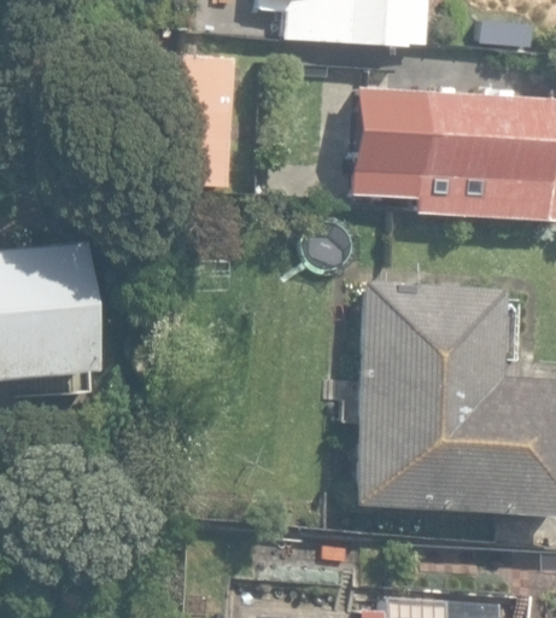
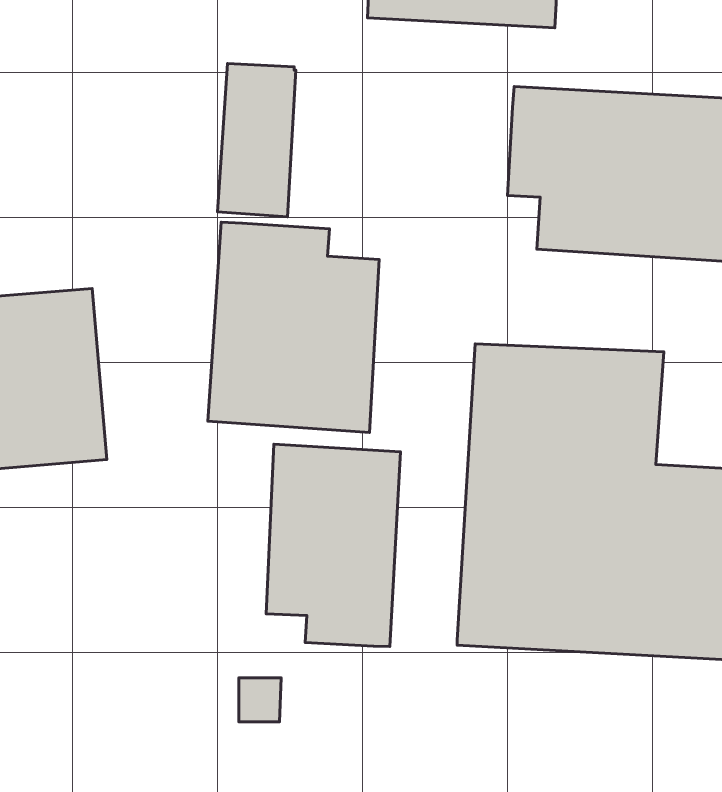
building: none -> [208,222,379,432]
building: none -> [266,444,401,647]

